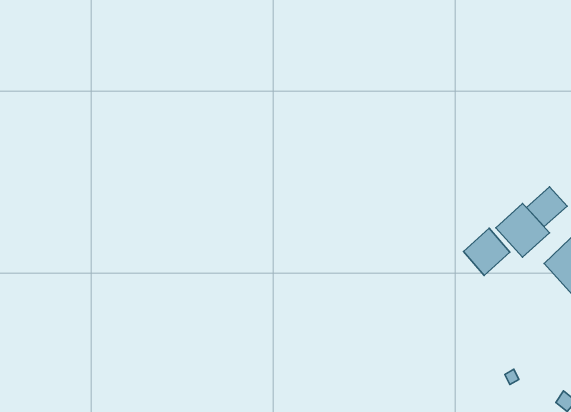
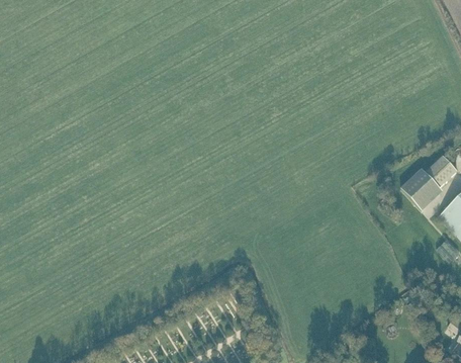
building: [463,228,510,275] -> none

